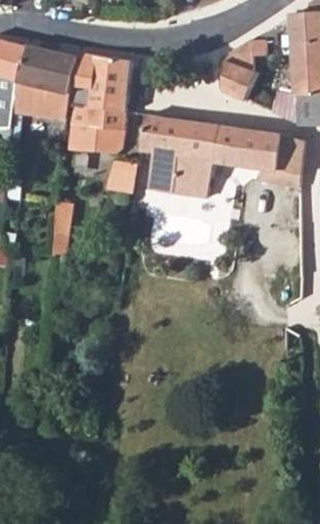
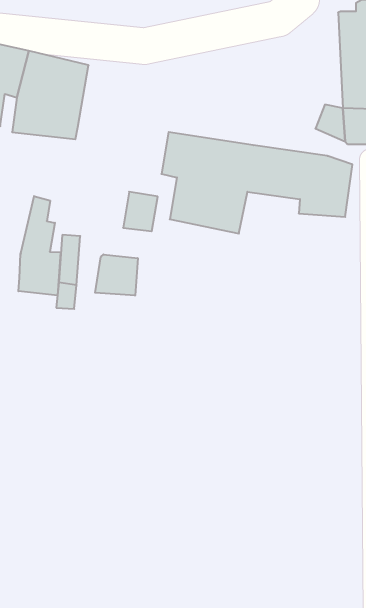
building: [222,39,265,99] -> none
building: [64,52,131,157] -> none
building: none -> [18,196,61,296]
building: none -> [95,254,138,296]

